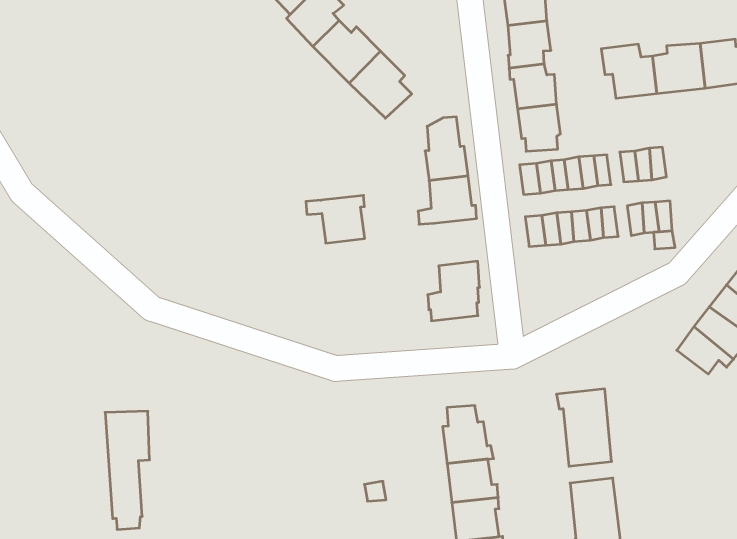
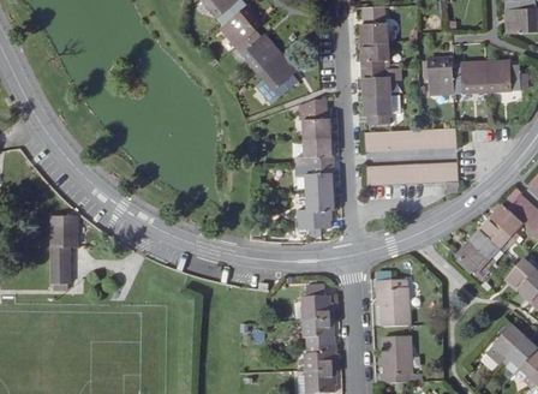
building: [306,195,365,243] -> [297,165,334,193]
building: [105,411,150,529] -> [50,214,78,289]

